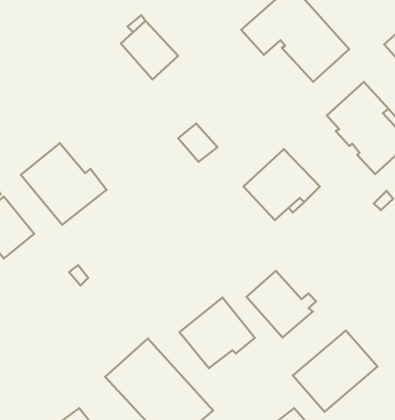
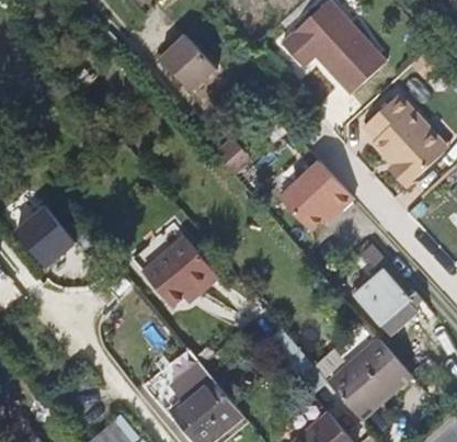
building: [21,143,107,225] -> none
building: [246,271,316,337] -> [353,268,421,332]
building: [180,297,255,368] -> [145,239,218,308]

